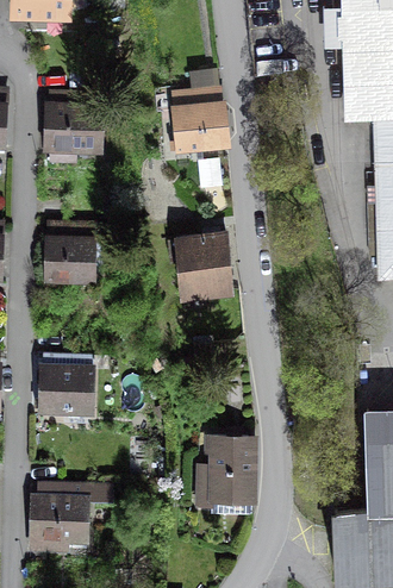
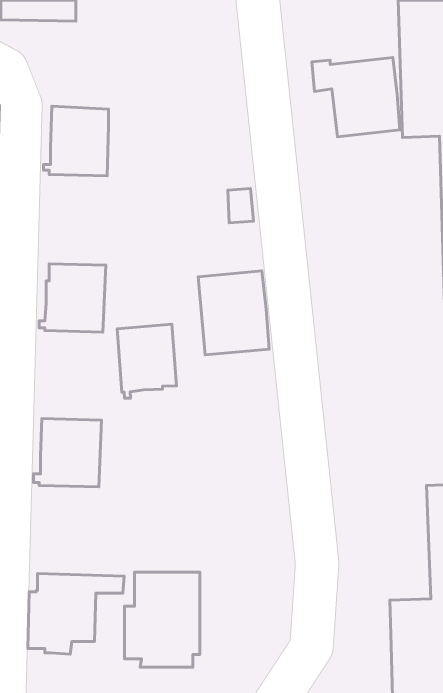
building: [155,87,229,154] -> [312,57,400,137]
building: none -> [117,324,176,398]
building: [195,437,258,517] -> [125,572,200,667]

